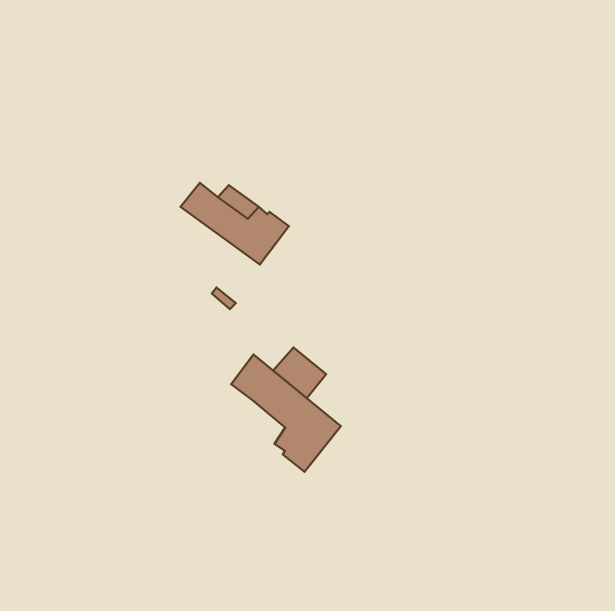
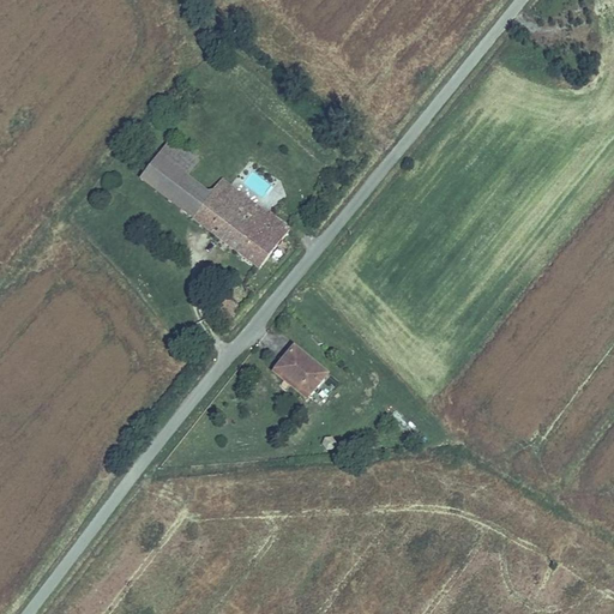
building: none -> [140,138,199,206]
building: [231,354,341,472] -> none

